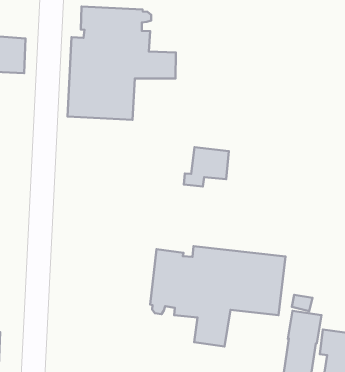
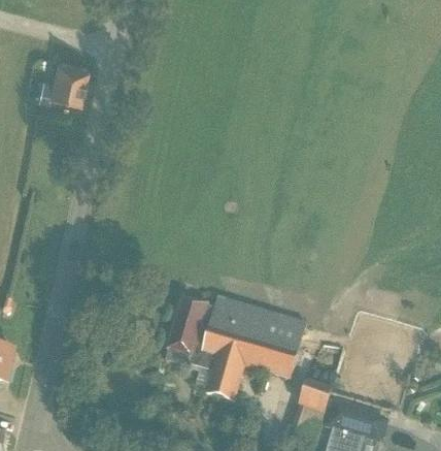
building: [68,6,176,120] -> none
building: [184,147,229,187] -> none

